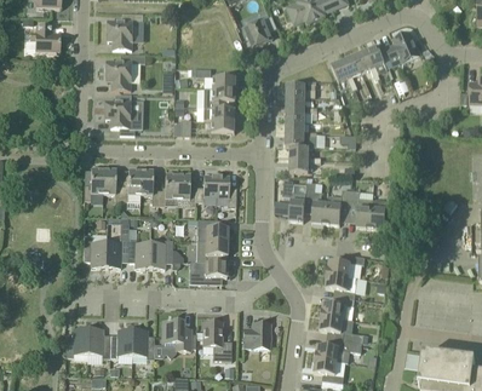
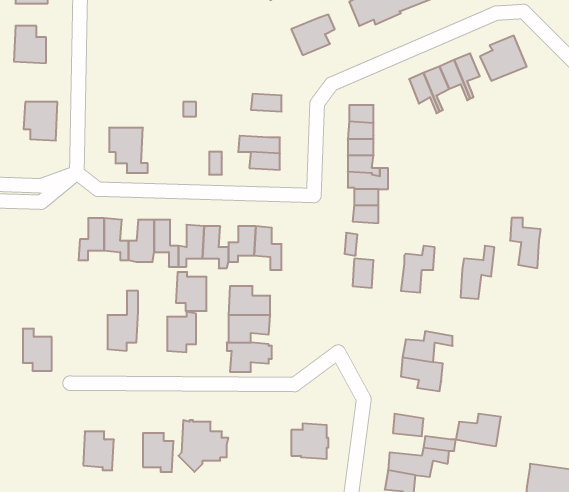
building: [108,19,133,48] -> none
building: [107,61,132,90] -> [24,102,57,141]
building: [205,87,236,108] -> none
building: [305,182,328,223] -> none
building: [350,190,373,228] -> [510,218,541,268]
building: [84,235,105,266] -> [23,329,52,371]
building: [127,238,150,268] -> [176,272,207,311]
building: [321,295,355,320] -> [456,414,501,446]
building: [202,321,231,360] -> none
building: [65,327,88,357] -> none
building: [109,328,132,357] -> none

